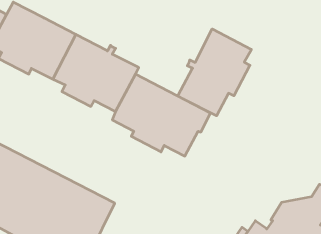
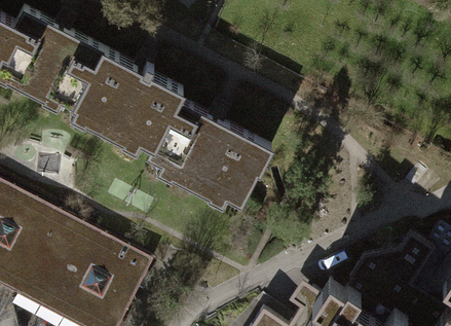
building: [178,29,251,116] -> none

